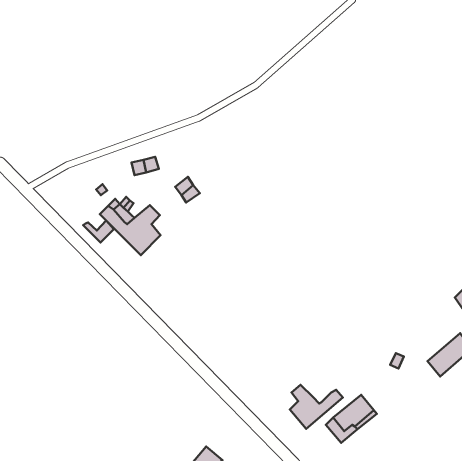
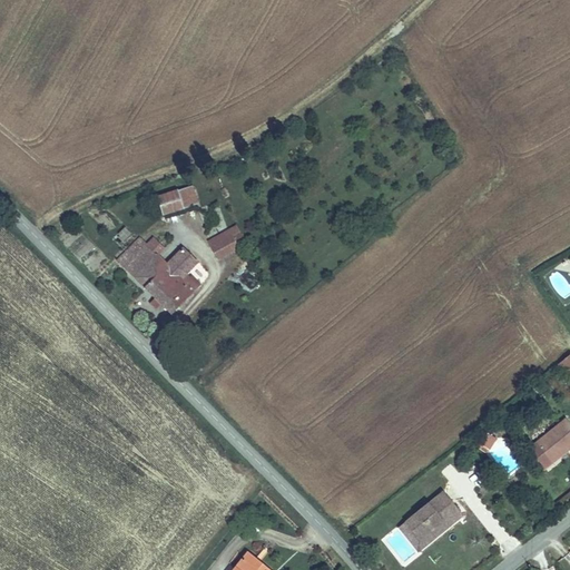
building: [83,220,114,243] -> none
building: [290,385,343,429] -> none

